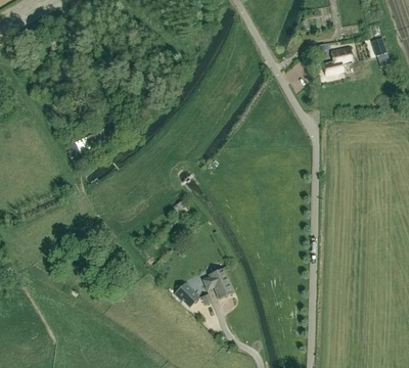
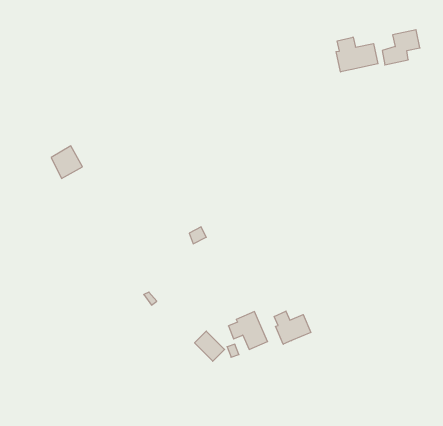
building: none -> [336,37,378,72]
building: none -> [274,311,311,344]

